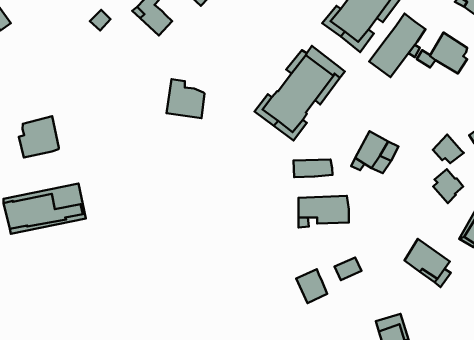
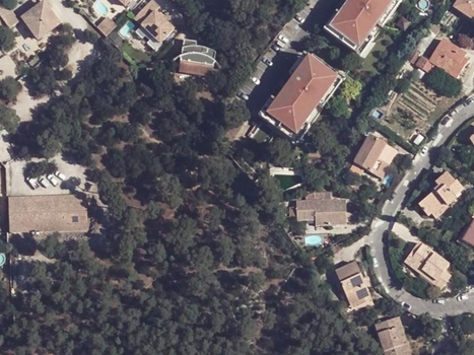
building: none -> [17,9,52,44]
building: [369,13,426,77] -> none
building: [166,79,204,118] -> [176,40,213,78]
building: [19,116,59,157] -> none
building: [433,134,464,163] -> [417,189,448,217]
building: [294,160,332,177] -> none
building: [296,269,327,303] -> [340,272,370,305]

